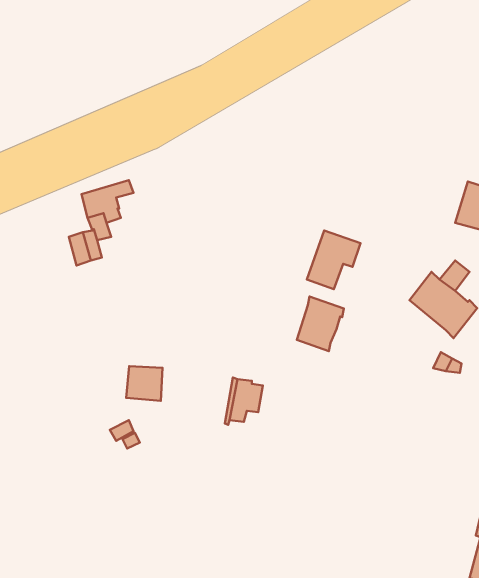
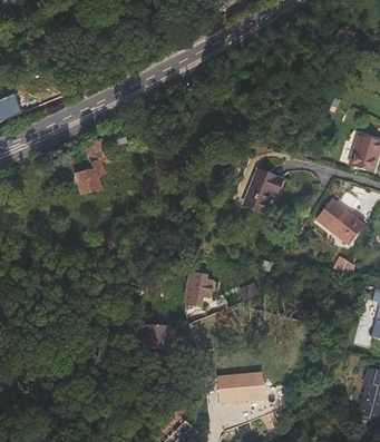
building: [297,297,344,351] -> none
building: [126,366,162,401] -> [142,324,167,348]
building: none -> [216,372,264,402]

